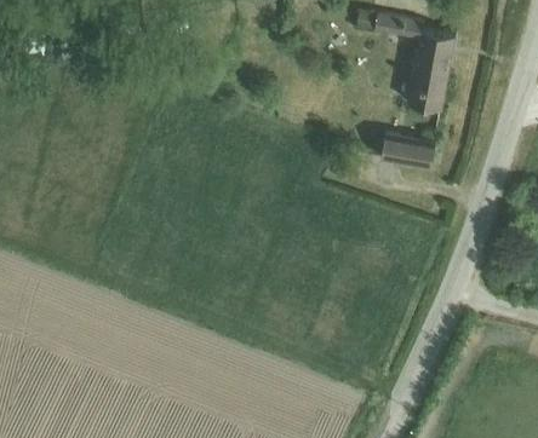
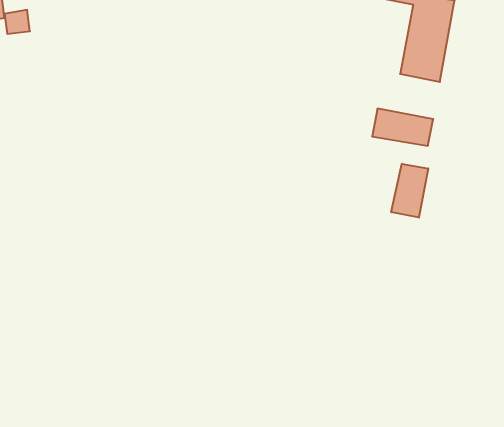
building: none -> [391,164,428,218]

